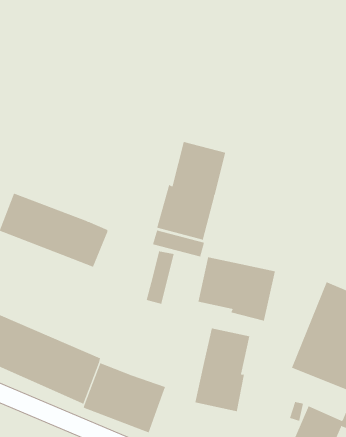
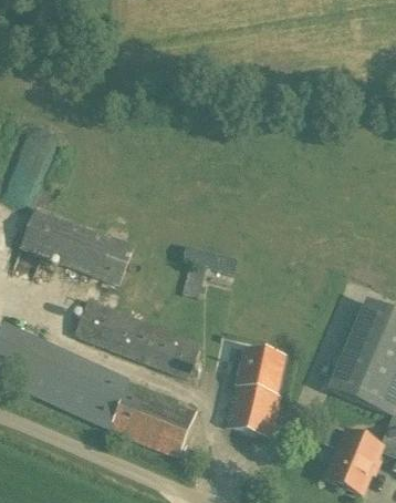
building: [156,141,226,240] -> none
building: [198,256,275,321] -> none
building: none -> [74,298,202,378]

